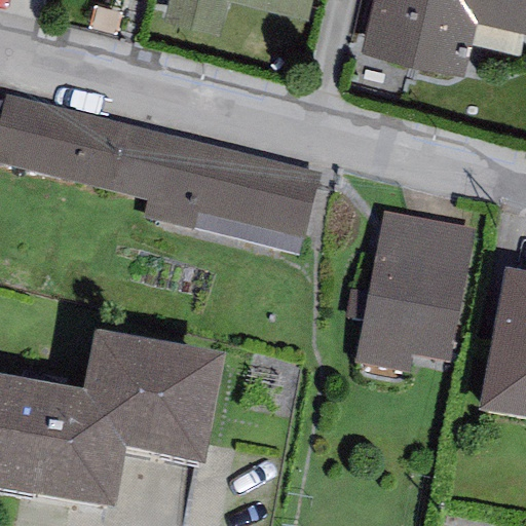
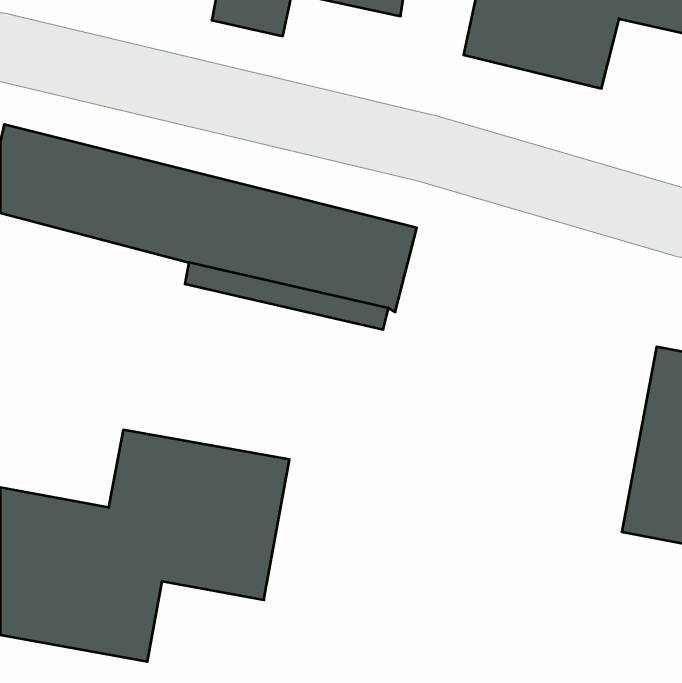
building: [354,214,475,377] -> none

